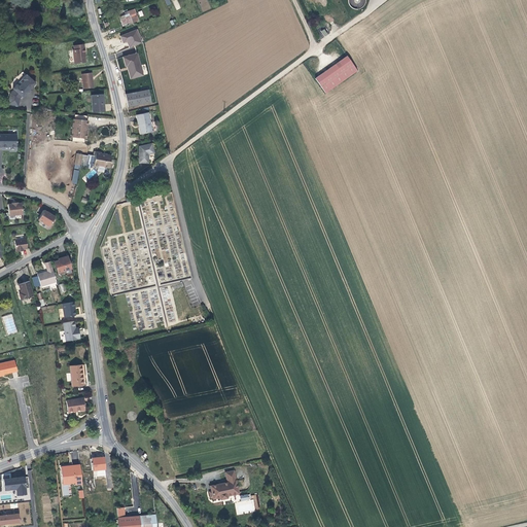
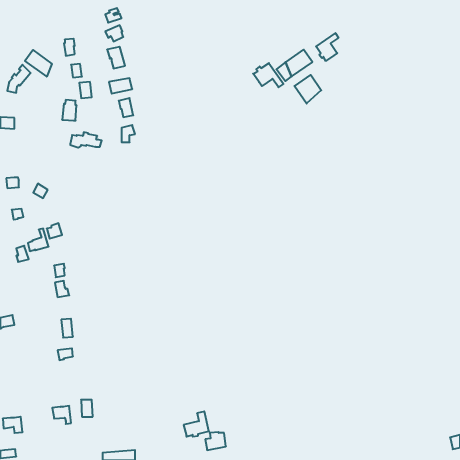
building: none -> [316,33,338,61]
building: none -> [25,50,52,77]
building: none -> [253,63,283,87]
building: none -> [294,75,321,104]

